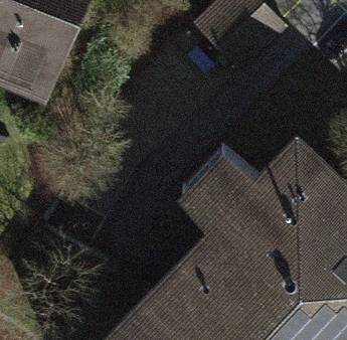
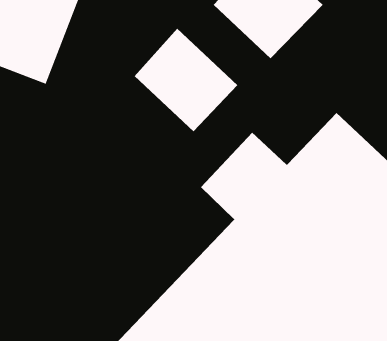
building: none -> [134,28,238,132]

